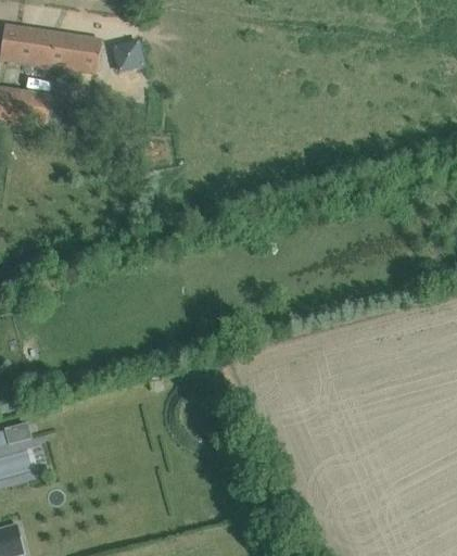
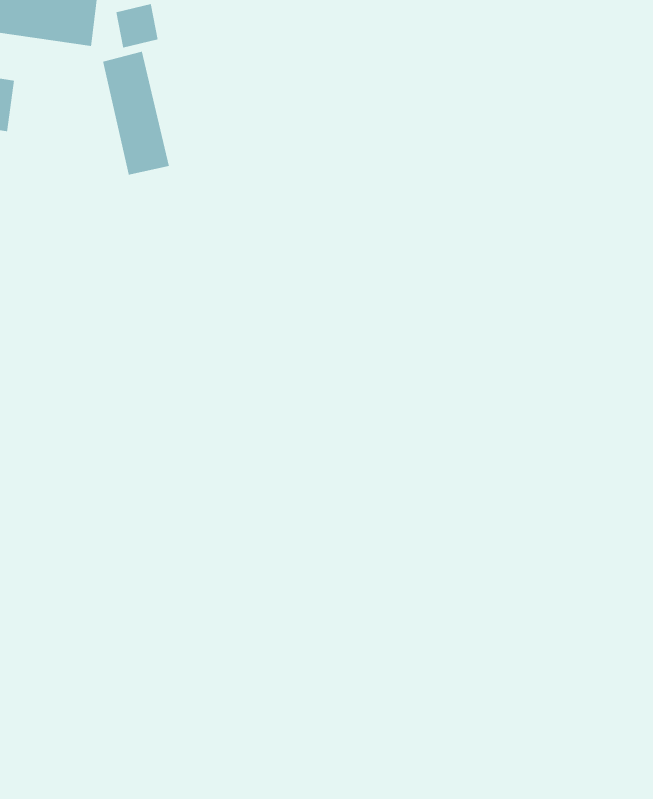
building: none -> [102,51,170,176]

